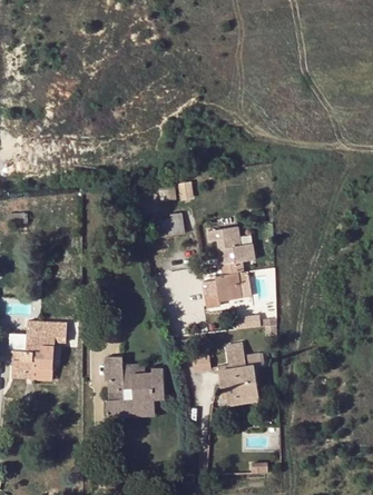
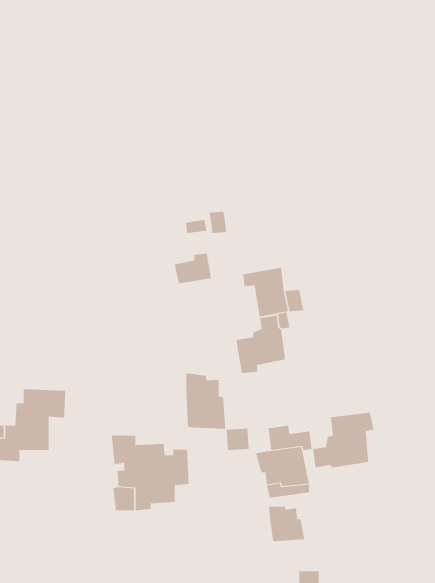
building: none -> [186,373,226,430]
building: none -> [312,412,374,468]
building: none -> [269,506,305,542]

